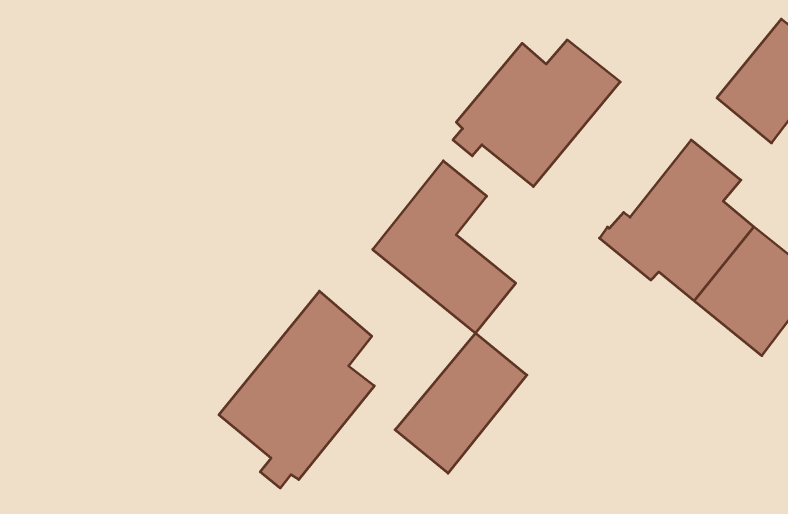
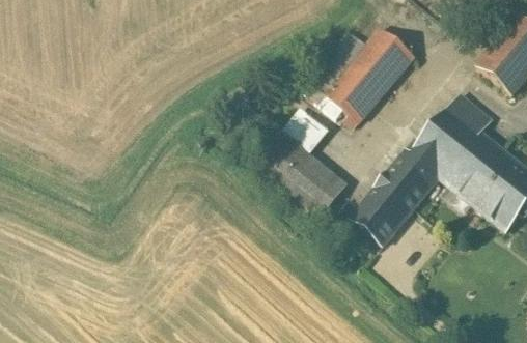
building: [219,291,374,488] -> none
building: [395,333,527,473] -> [350,156,435,247]

